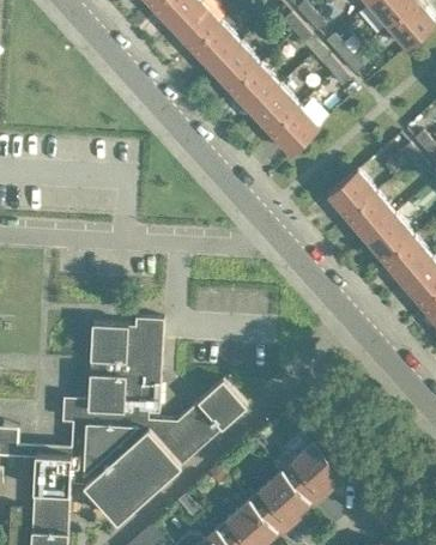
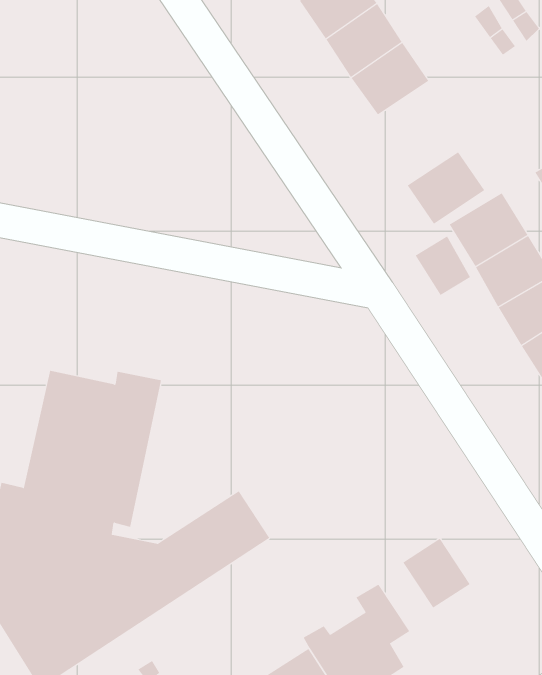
building: [271,108,320,156] -> [407,151,485,225]
building: none -> [415,236,471,296]
building: none -> [402,538,470,609]

